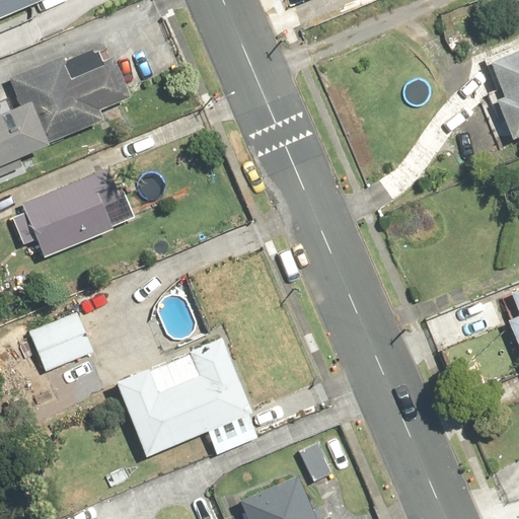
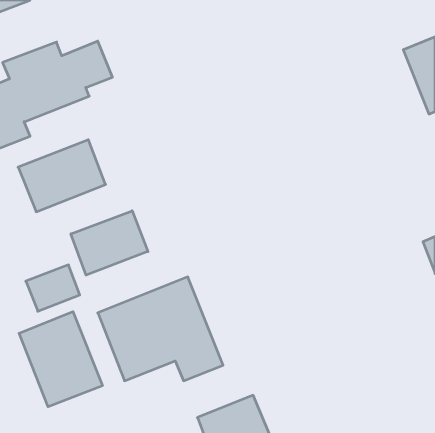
building: none -> [71,211,148,275]
building: none -> [19,312,102,407]

